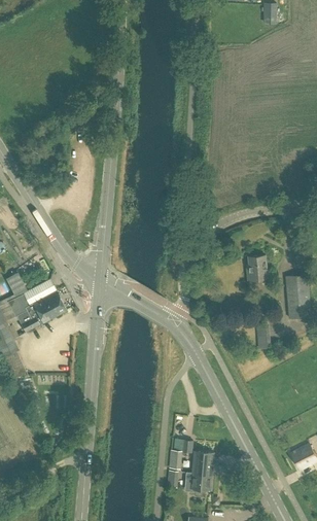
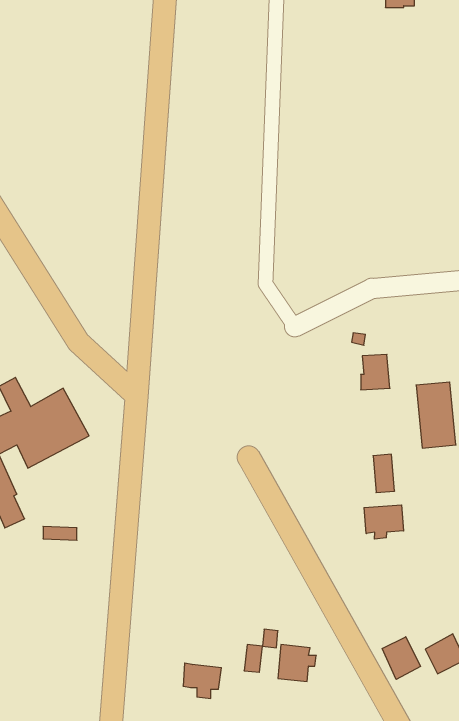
building: none -> [364,505,404,539]
building: none -> [382,637,421,679]
building: [185,472,211,495] -> [183,663,221,698]

